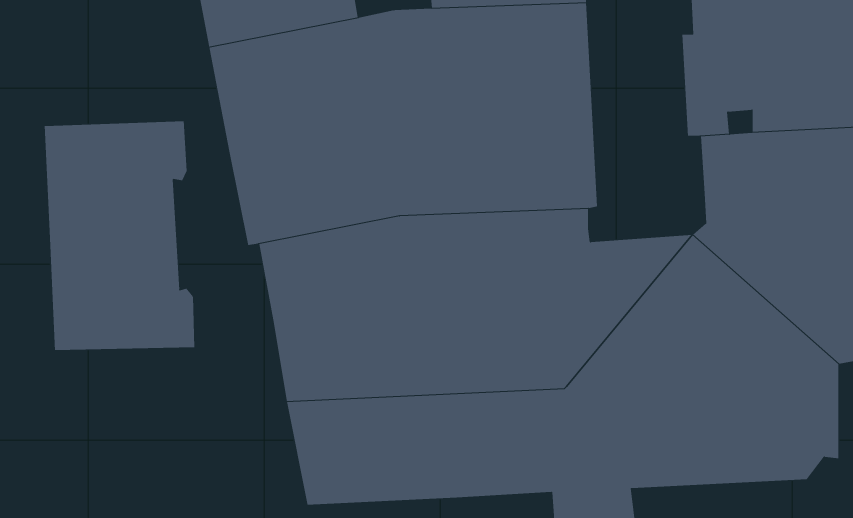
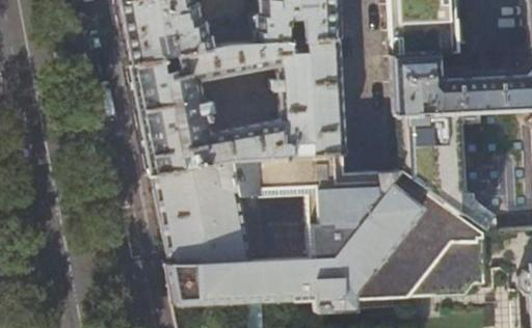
building: [44,120,195,351] -> none

